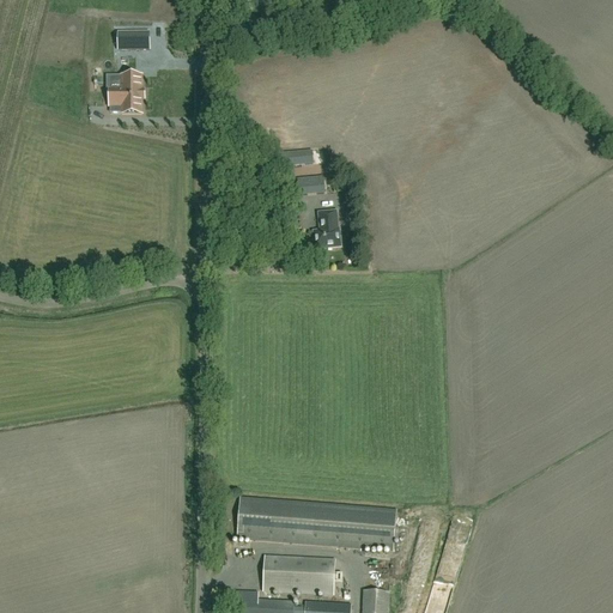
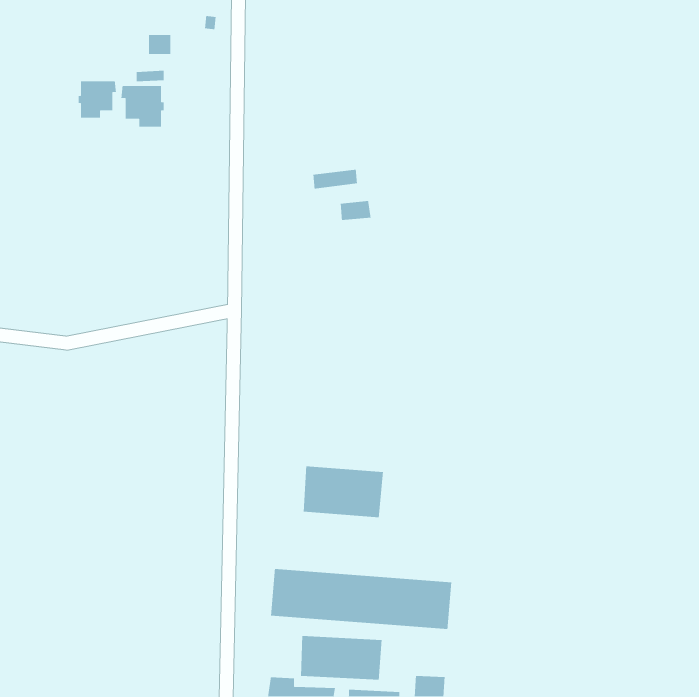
building: none -> [78,81,117,119]
building: [312,210,340,248] -> none
building: none -> [303,465,384,518]

